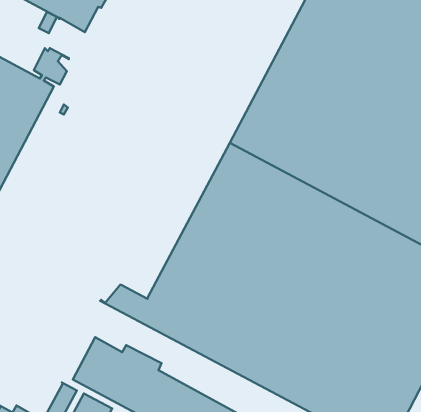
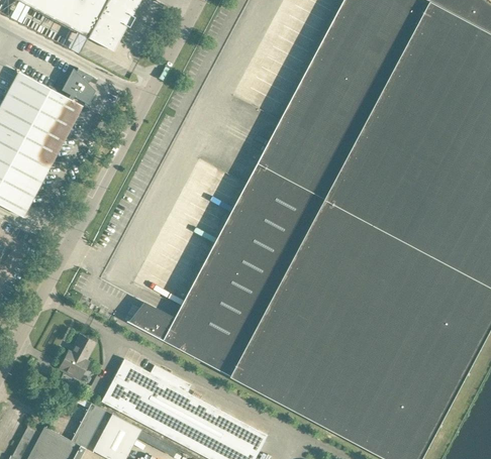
building: none -> [59,337,91,378]

